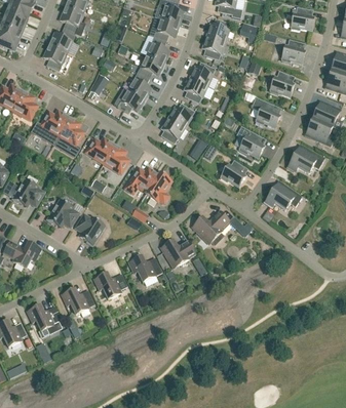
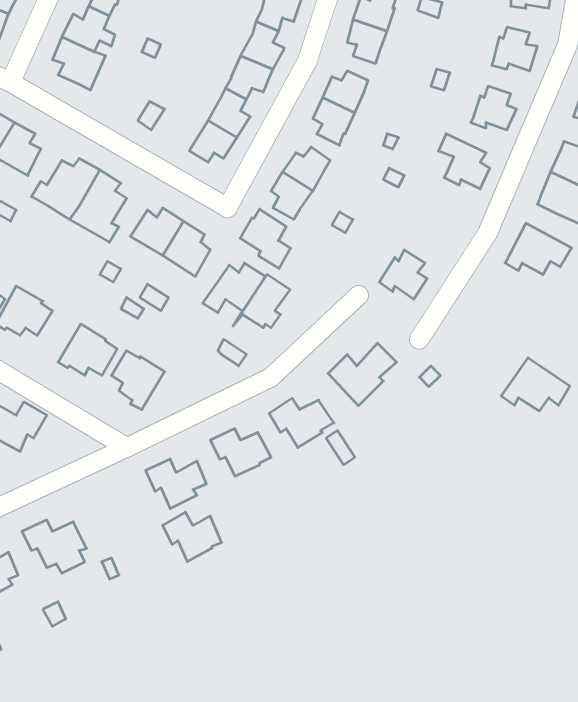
building: [236,125,264,157] -> none
building: none -> [240,209,291,269]
building: [264,180,301,209] -> [501,358,570,411]
building: [62,287,93,314] -> [163,512,222,562]

